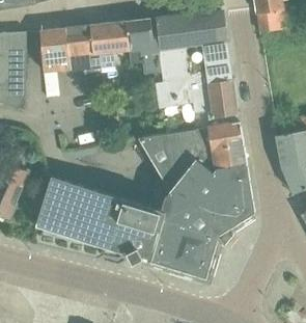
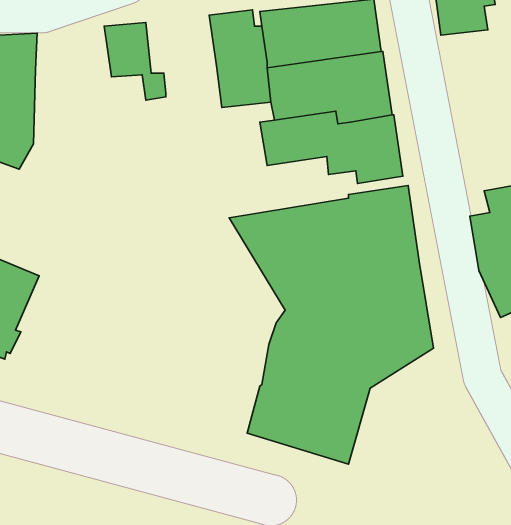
building: [89,21,130,65] -> none
building: [38,27,72,96] -> none
building: [34,177,160,261] -> none

